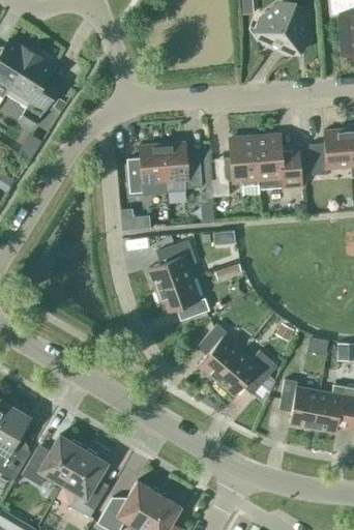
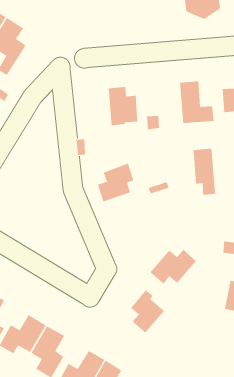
building: [229,136,259,197] -> [193,148,216,196]
building: [126,143,166,194] -> none
building: [155,277,208,320] -> none
building: [196,323,240,380] -> [130,289,165,334]
building: [278,379,319,428] -> none

